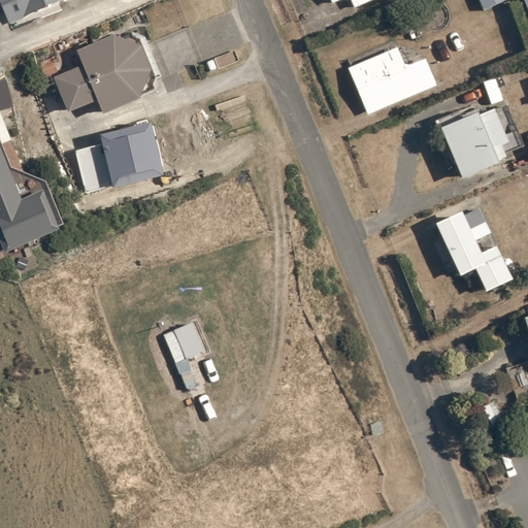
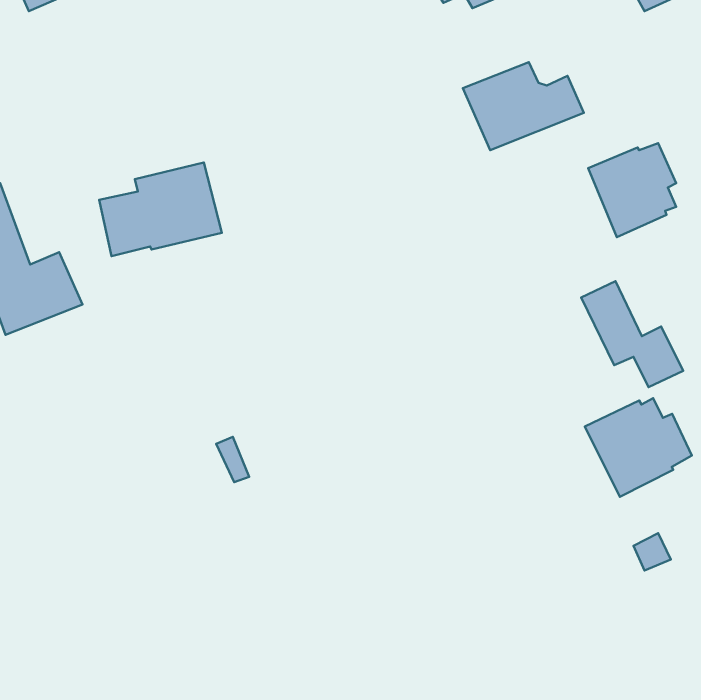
building: [54,33,153,113] -> none
building: none -> [585,398,692,497]

